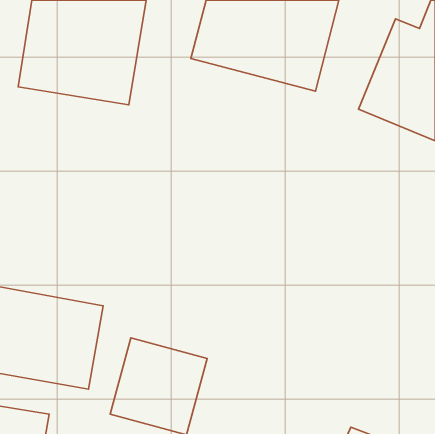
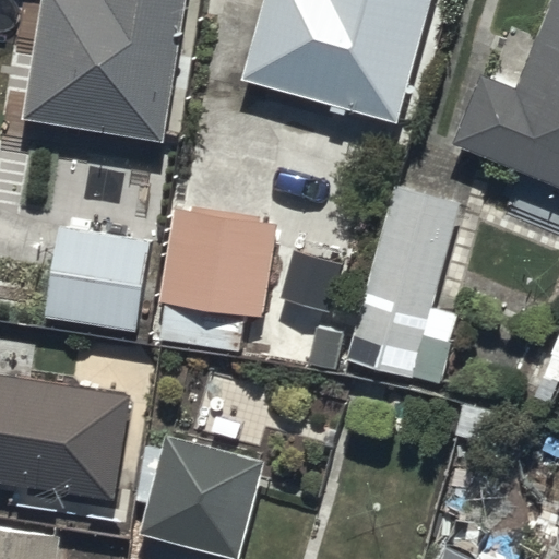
building: none -> [345,185,460,384]
building: none -> [158,206,276,353]
building: none -> [43,224,151,333]

